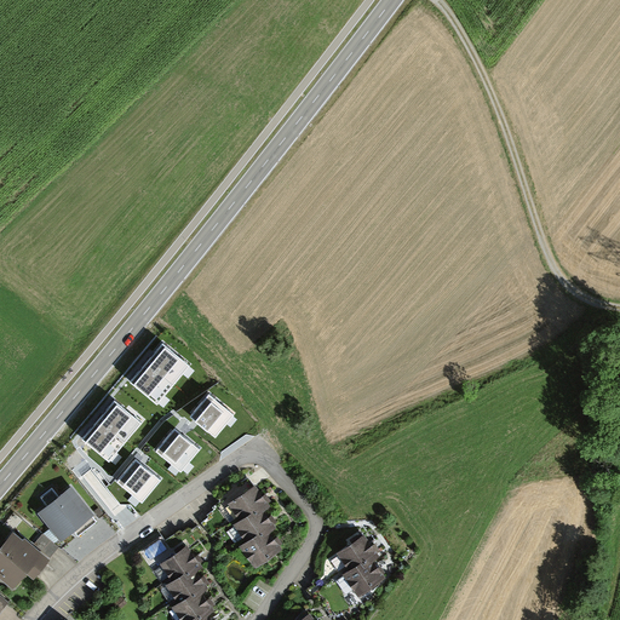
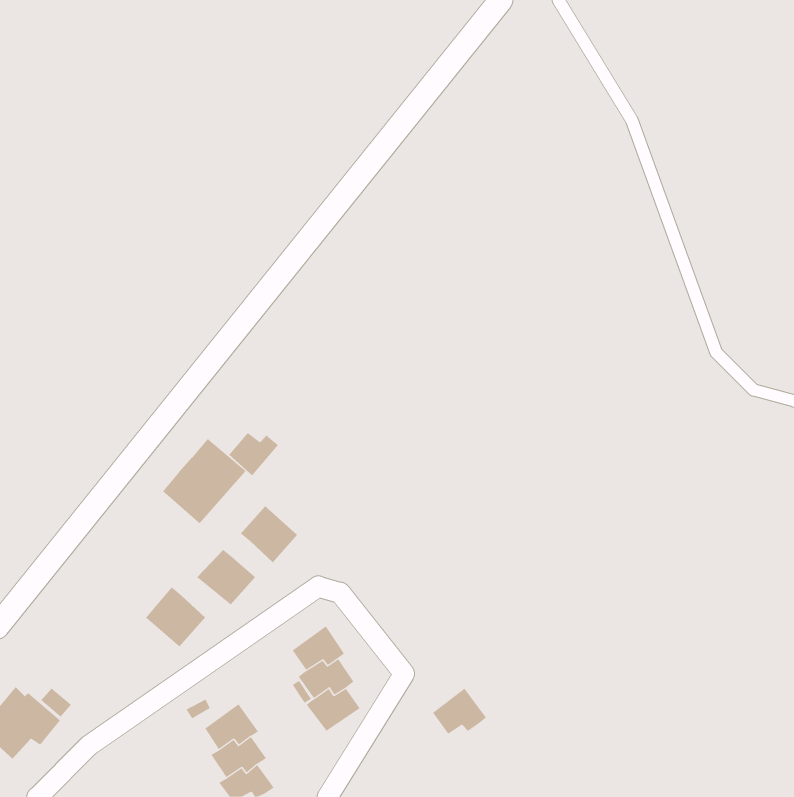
building: none -> [228,432,278,476]
building: [79,397,142,461] -> none
building: [38,487,93,541] -> none
building: [340,562,384,598] -> none

